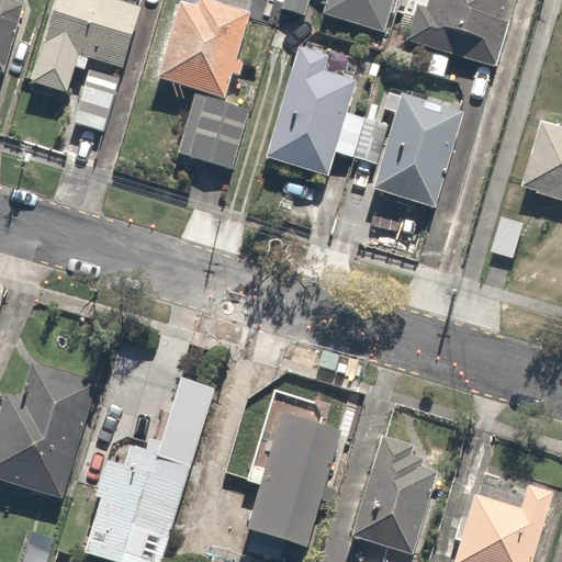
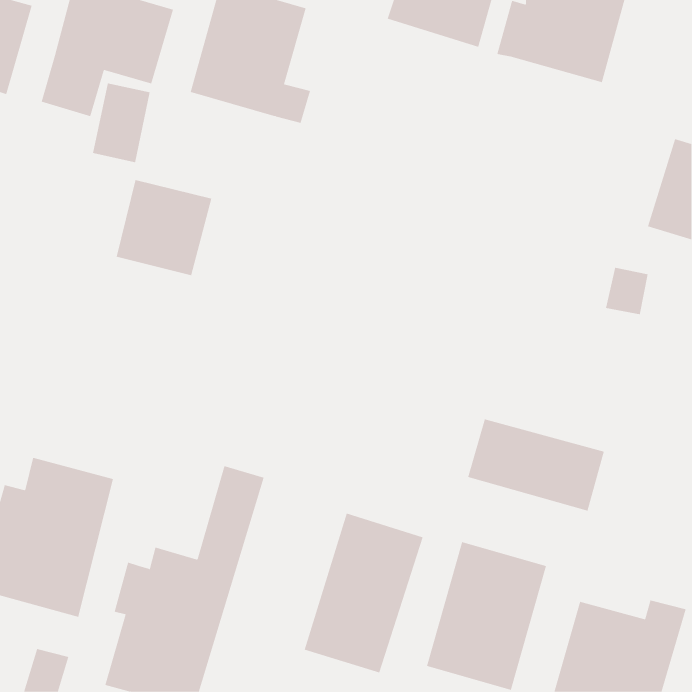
building: [262,42,364,177] -> none
building: [177,90,255,168] -> [116,179,212,276]
building: [371,93,461,206] -> none
building: none -> [468,419,604,512]

